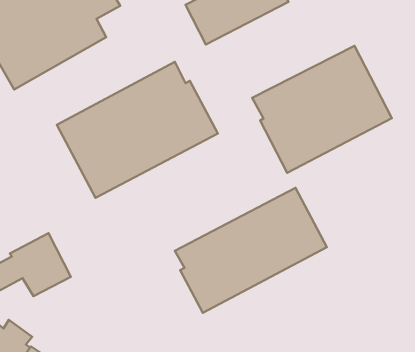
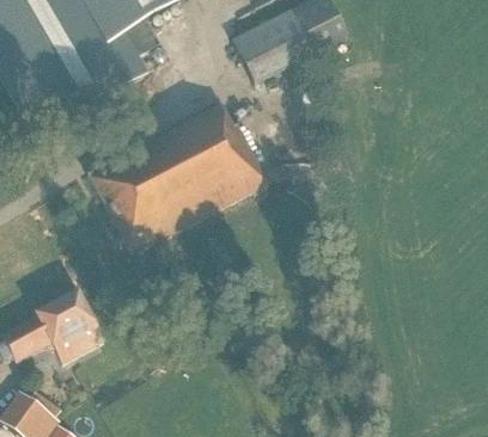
building: [252,46,392,173] -> none
building: [175,188,327,313] -> none

